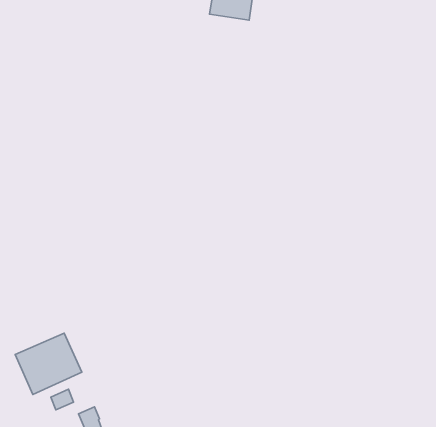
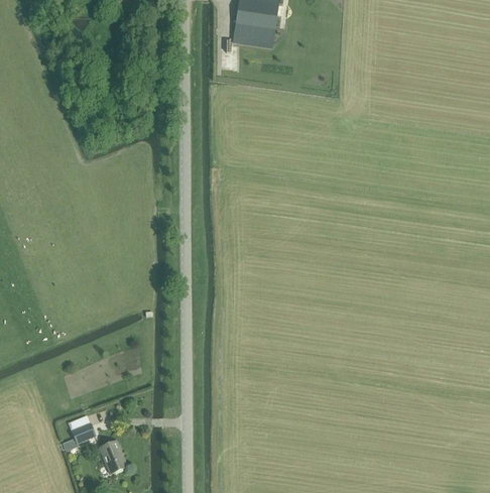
building: [15,333,82,394] -> none

